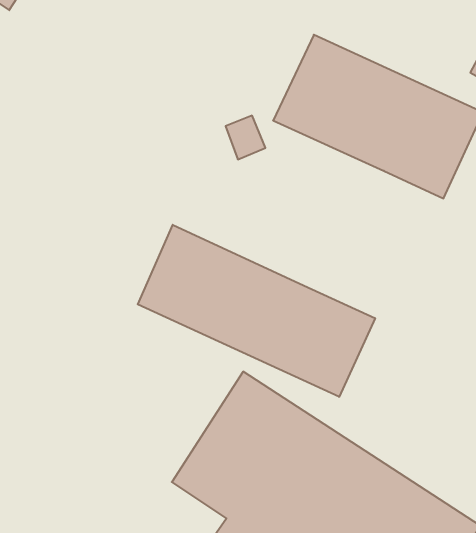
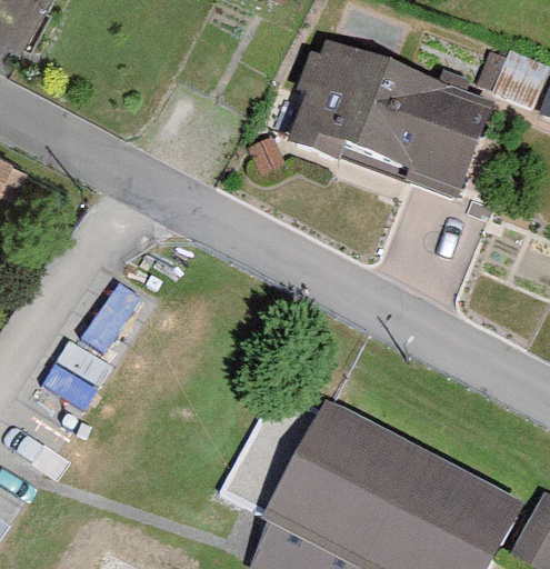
building: [138,225,375,397] -> none

